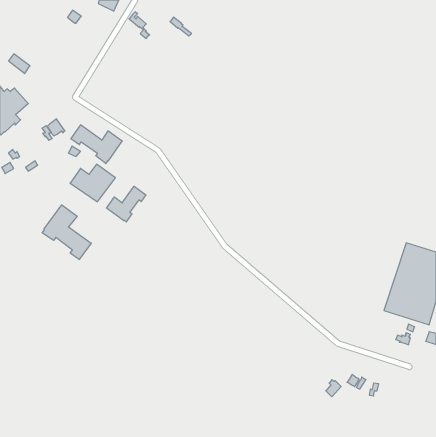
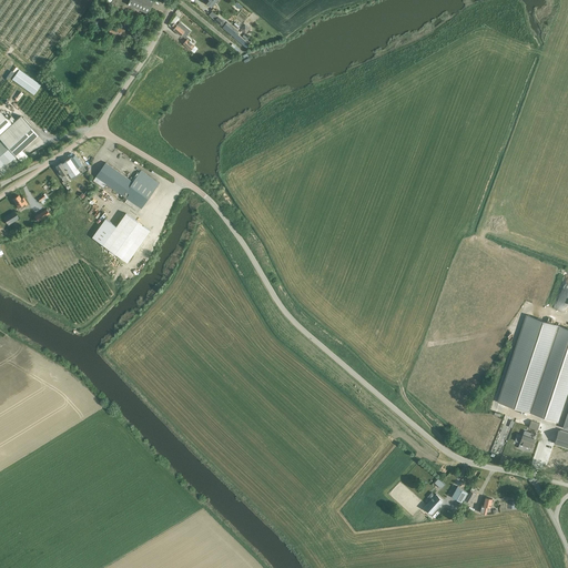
building: [106,186,146,222] -> none
building: [42,205,91,260] -> none

